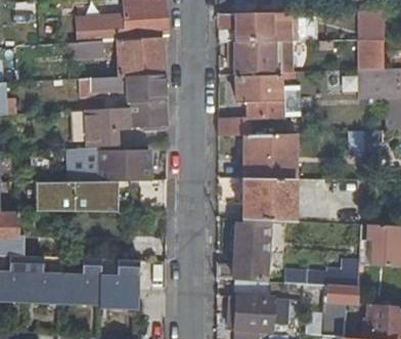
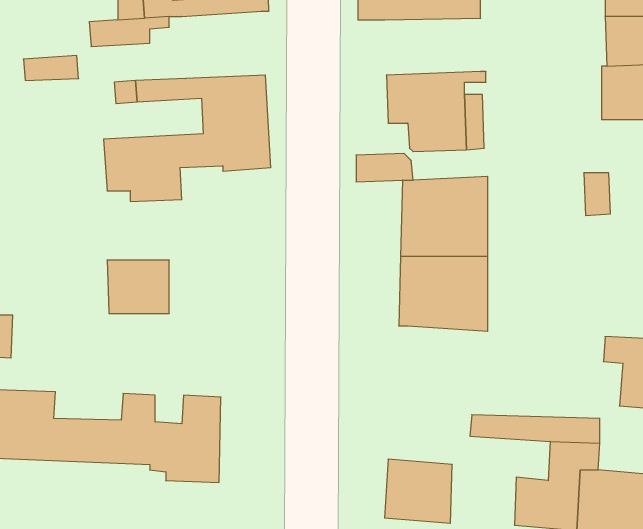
building: [118,38,166,77] -> none
building: [234,42,289,75] -> none
building: [86,151,150,181] -> none
building: [38,181,76,211] -> none
building: [217,221,269,282] -> none

